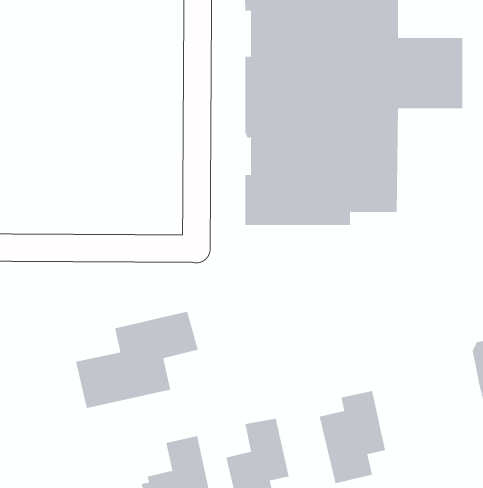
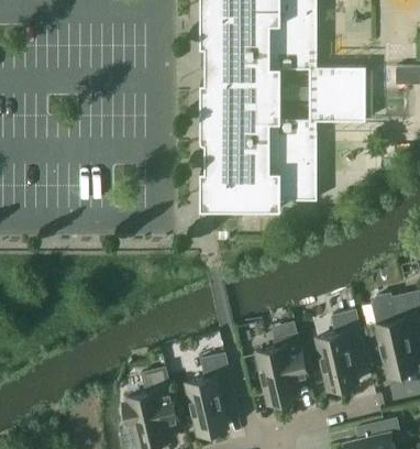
building: [75,311,198,409] -> none
building: none -> [316,310,365,391]

